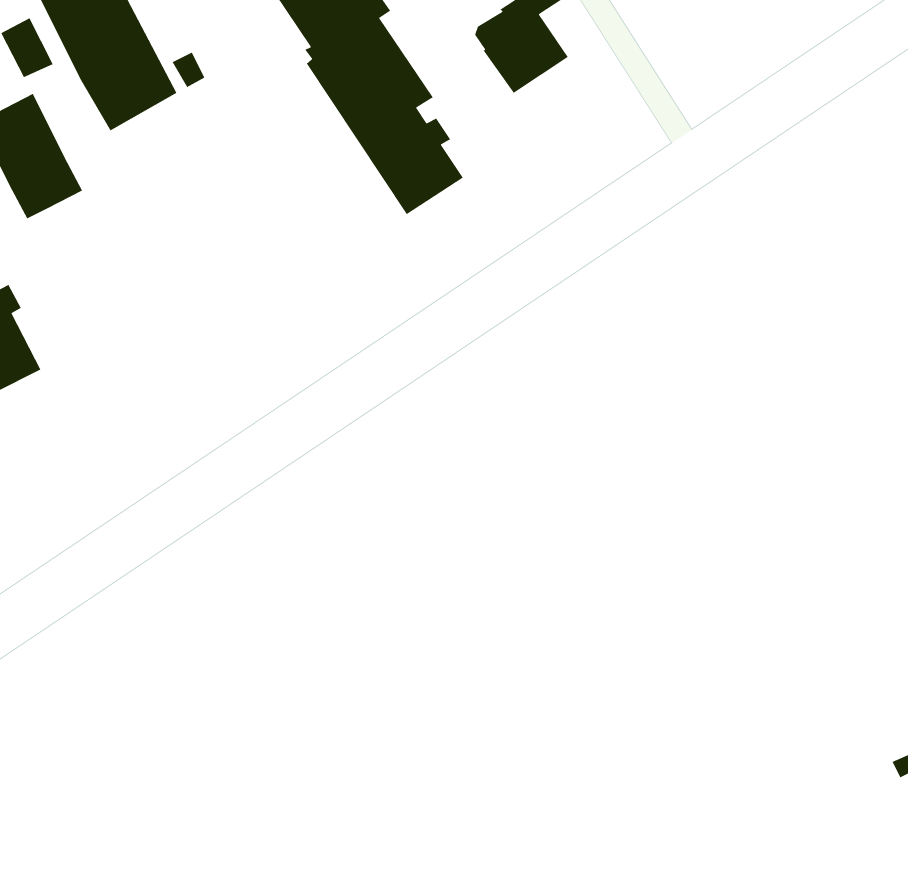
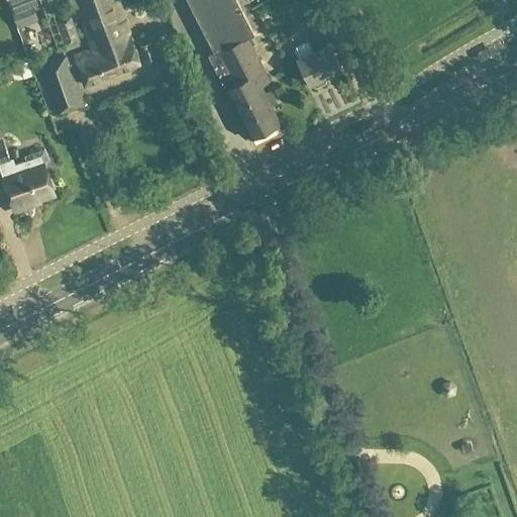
building: none -> [75,51,105,87]

